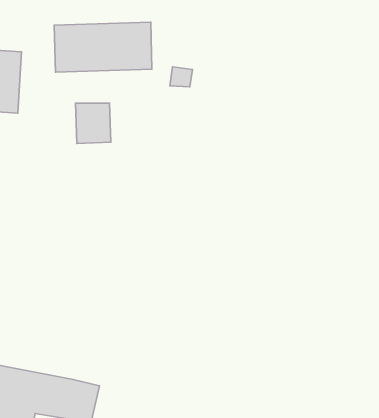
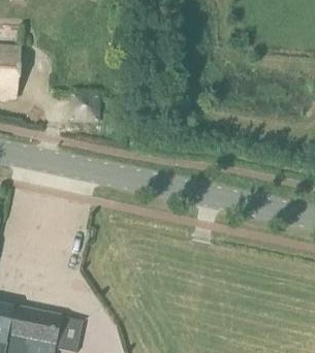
building: [54,22,152,72] -> none

